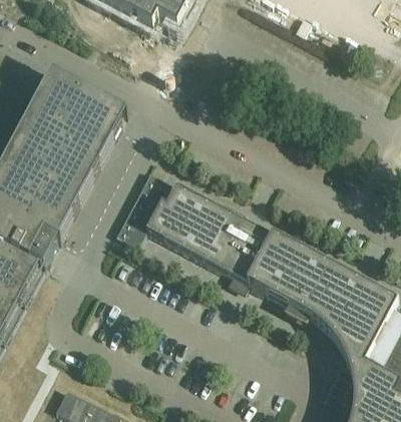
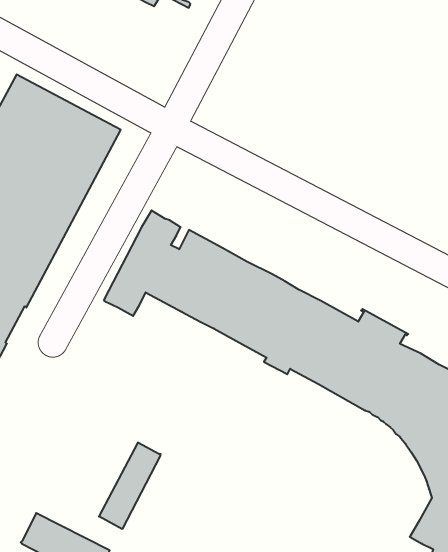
building: none -> [99,442,161,529]

